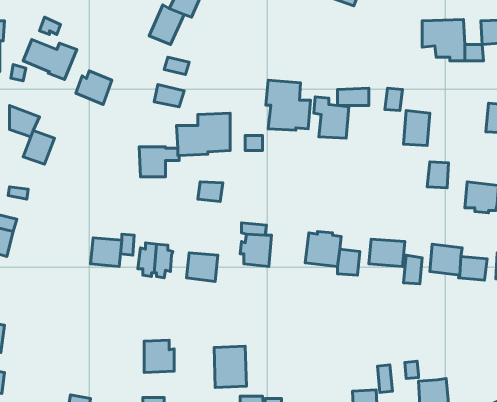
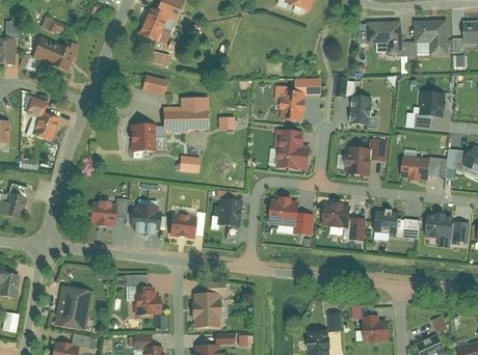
building: [76,71,112,105] -> none
building: [266,80,311,130] -> [274,129,312,170]
building: none -> [346,147,371,176]
building: none -> [54,285,91,330]

